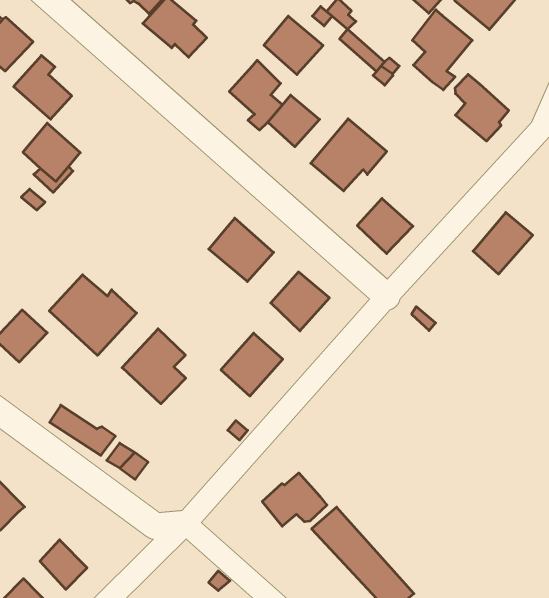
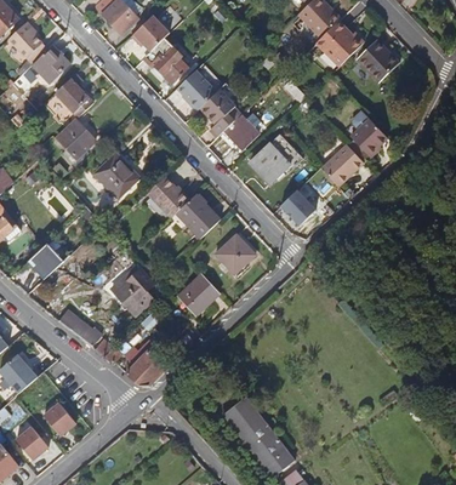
building: [412,10,472,90] -> none
building: [264,16,323,75] -> [176,70,216,110]
building: none -> [92,152,139,199]
building: none -> [147,176,190,218]
building: [473,212,533,274] -> [323,144,364,186]
building: [49,275,137,355] -> none
building: none -> [126,352,165,386]
building: [262,473,327,526] -> none

